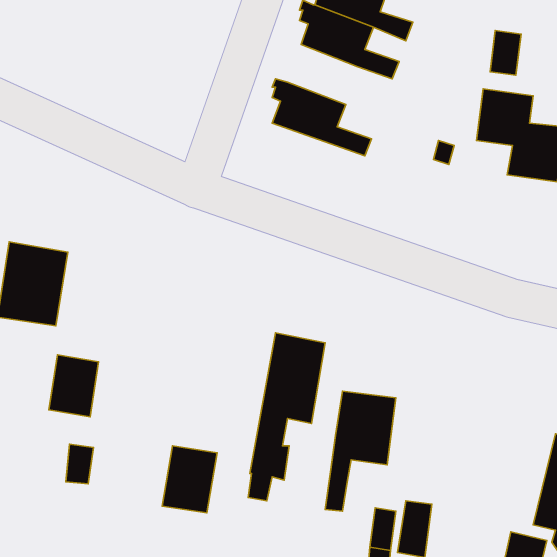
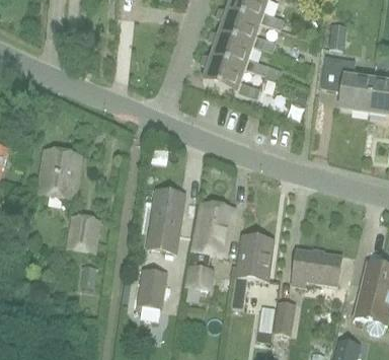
building: none -> [209,27,267,73]
building: none -> [148,189,184,250]
building: none -> [292,247,341,284]

